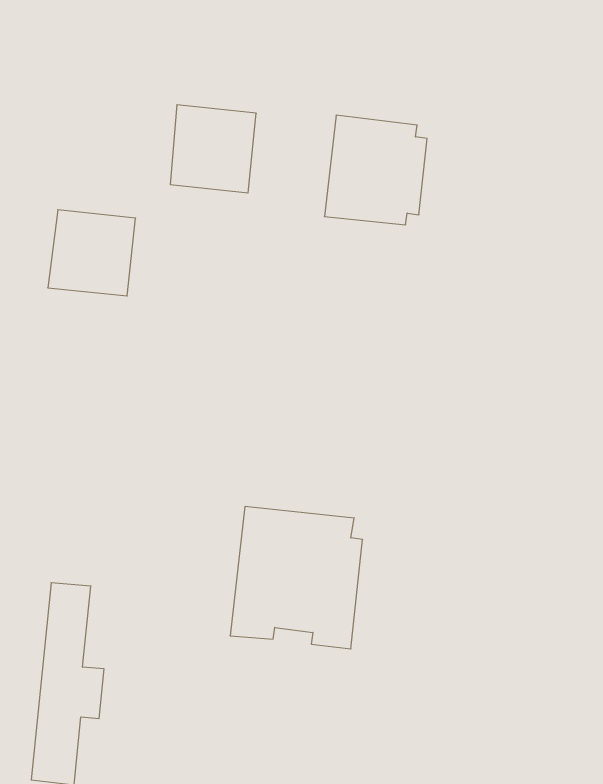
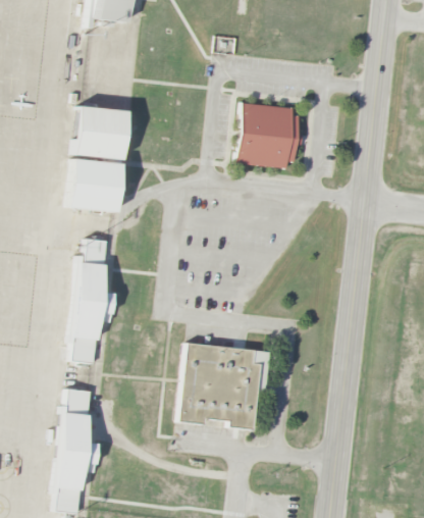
building: [170,105,256,193] -> [72,106,125,160]
building: none -> [70,239,113,364]

